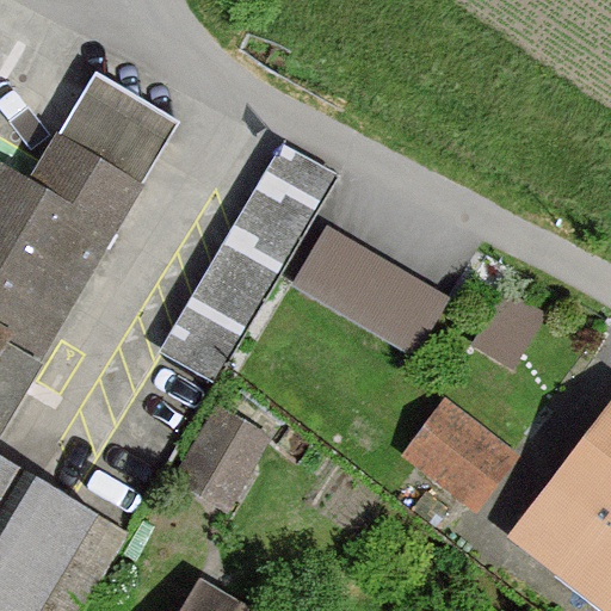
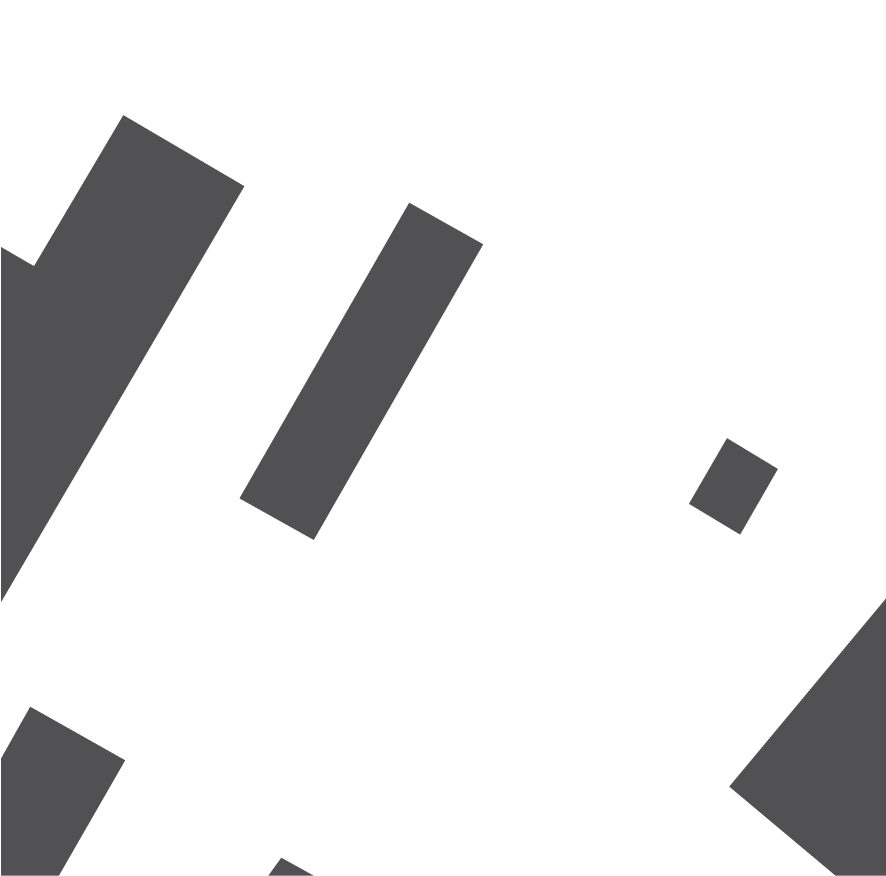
building: [289,227,442,350] -> none
building: [397,401,511,511] -> none
building: [177,407,267,507] -> none

